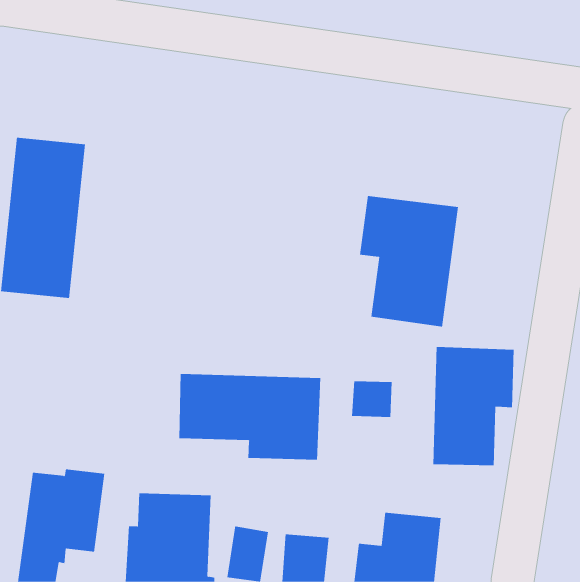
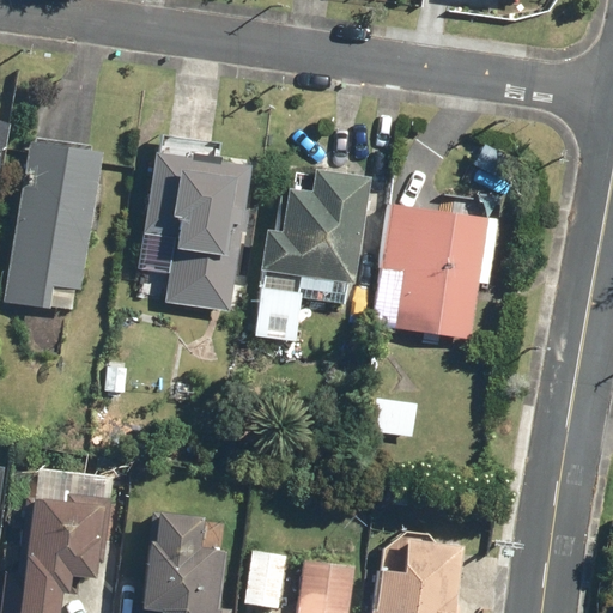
building: none -> [140,154,245,311]
building: none -> [262,168,372,338]
building: [433,346,514,466] -> none
building: [179,373,321,461] -> none

